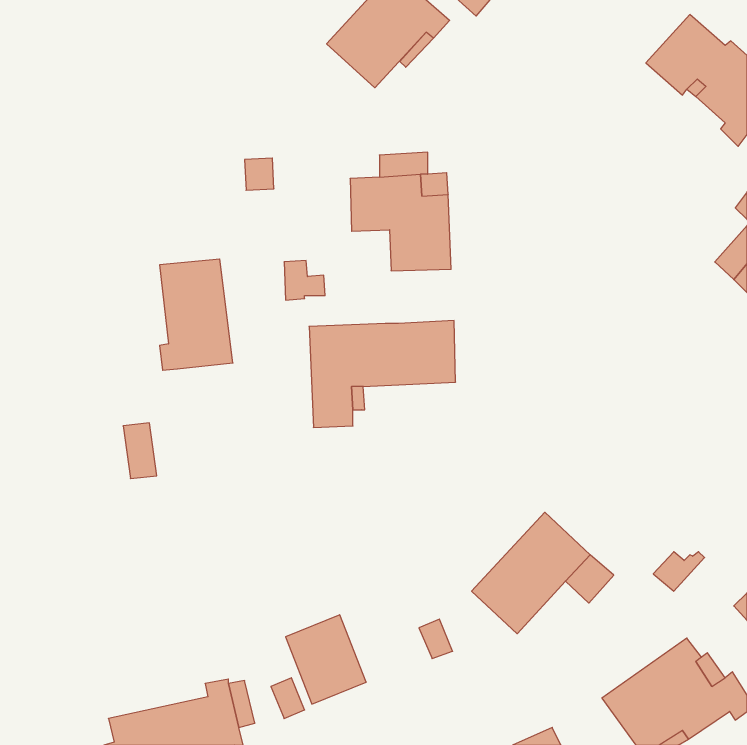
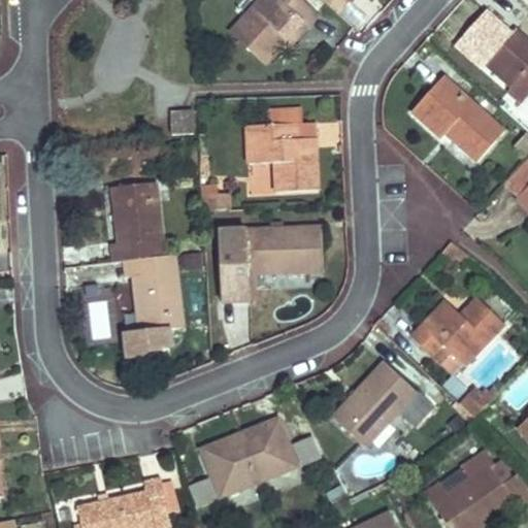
building: none -> [411,76,504,162]
building: none -> [124,254,182,357]
building: none -> [410,298,503,374]
building: none -> [239,418,297,481]

